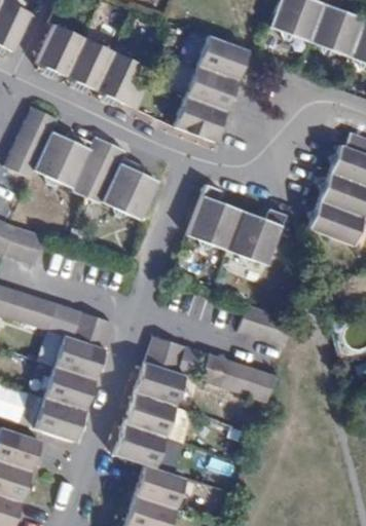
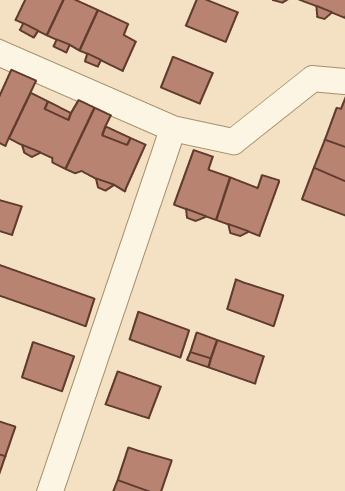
building: [187,65,237,110] -> none
building: [54,335,105,378] -> none
building: [135,362,186,407] -> none
building: [33,398,82,441] -> none
building: [113,423,164,467] -> none

